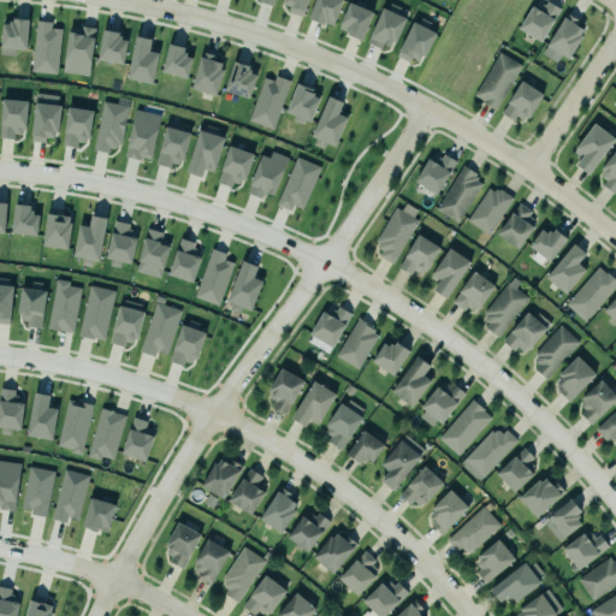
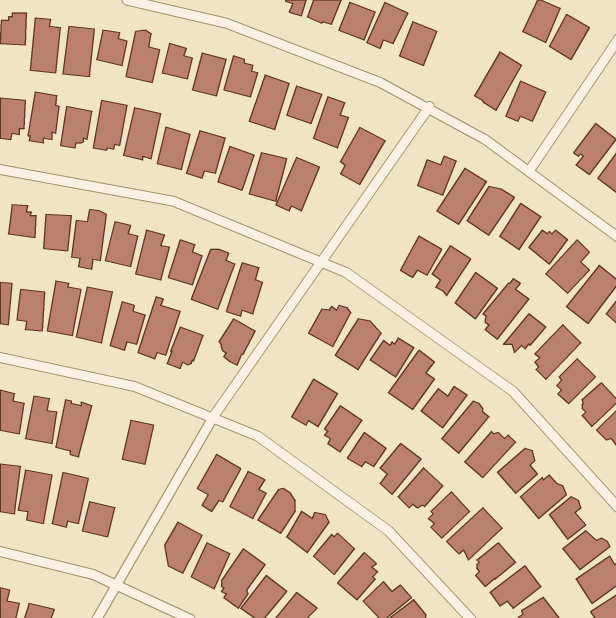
building: [375,207,420,263] -> [340,128,385,185]
building: [267,369,303,415] -> [219,319,255,365]
building: [91,410,126,462] -> none

